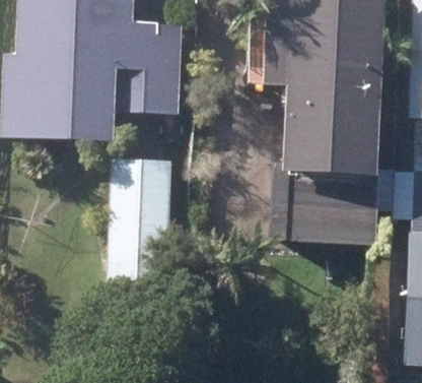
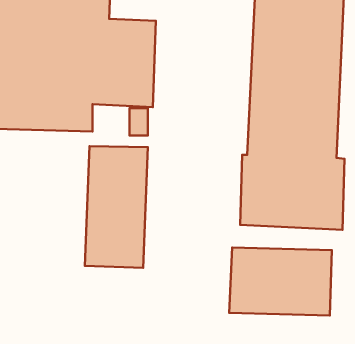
building: none -> [229,247,332,315]

